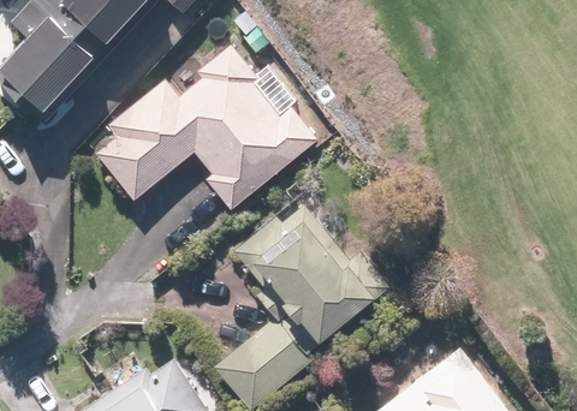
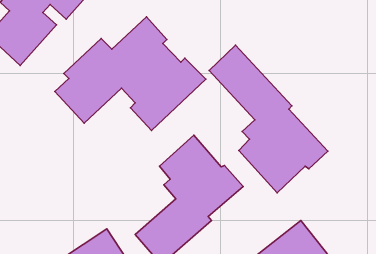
building: none -> [209,45,328,193]

